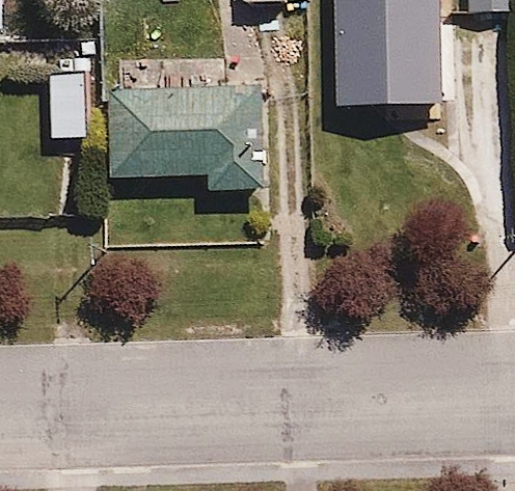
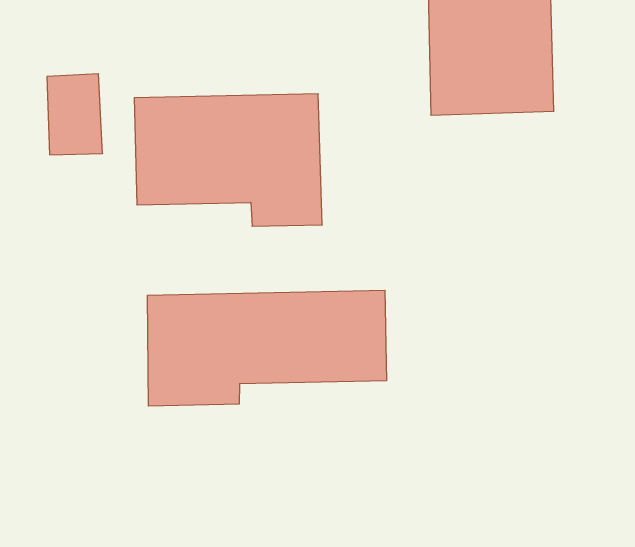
building: none -> [148,290,386,406]

